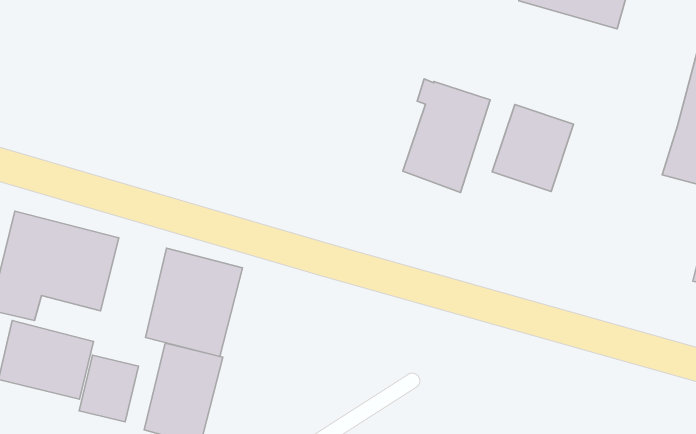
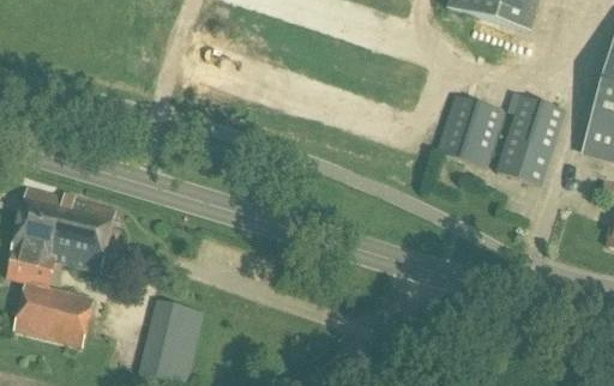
building: [403,79,490,192] -> [493,90,567,187]
building: [145,248,242,356] -> none
building: [79,355,139,422] -> none

